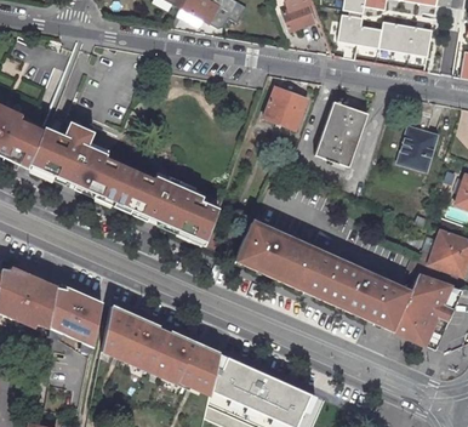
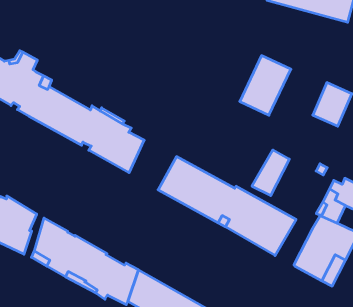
building: [262,86,304,129] -> none
building: [373,280,412,331] -> [252,150,289,196]

